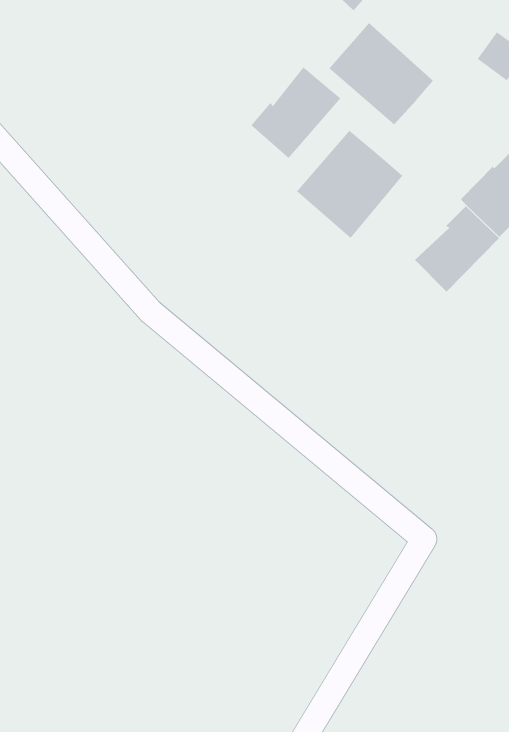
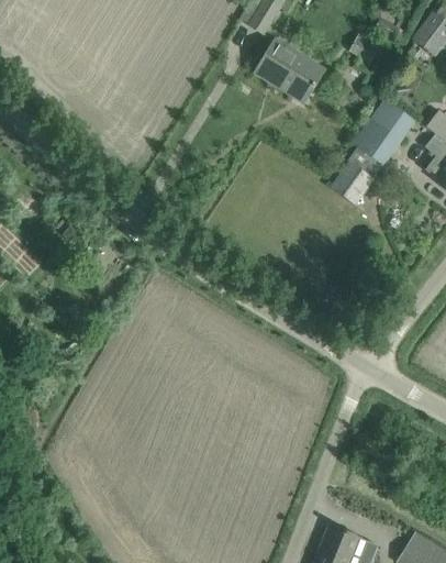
building: [250,67,341,159] -> none
building: [296,130,403,239] -> none

